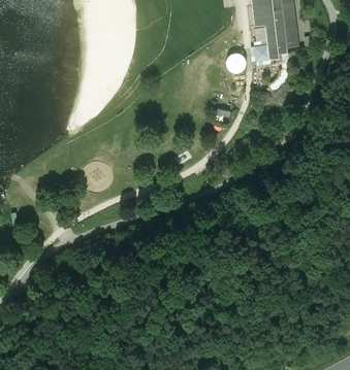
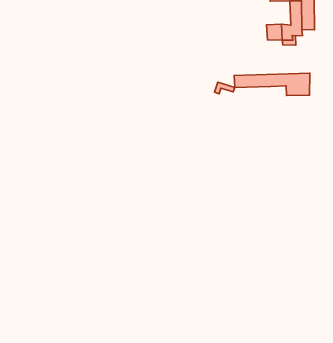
building: none -> [234,73,310,96]

